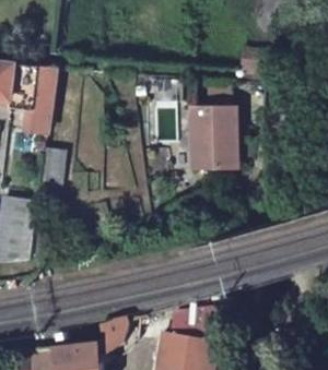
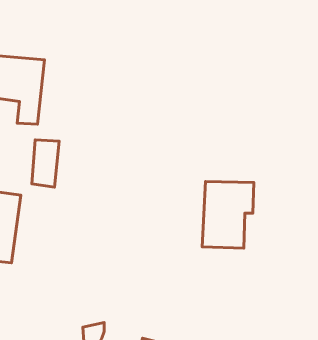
building: [189,105,239,169] -> [202,182,254,248]

